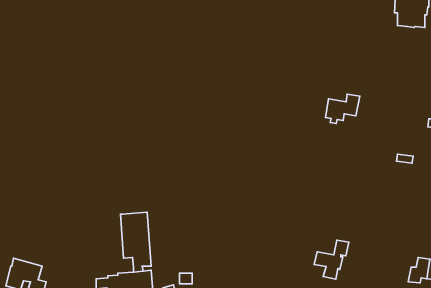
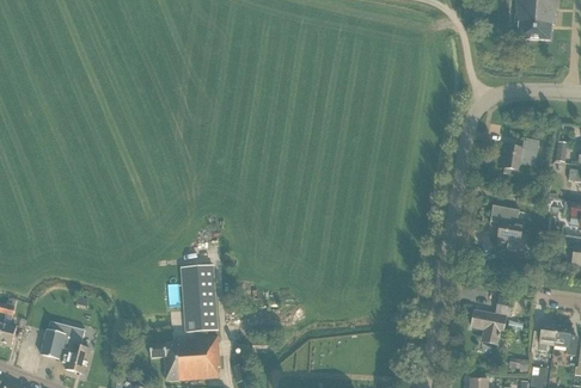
building: [325,94,360,124] -> [497,137,539,173]
building: none -> [490,204,527,250]
building: [314,240,349,279] -> [471,296,513,344]

